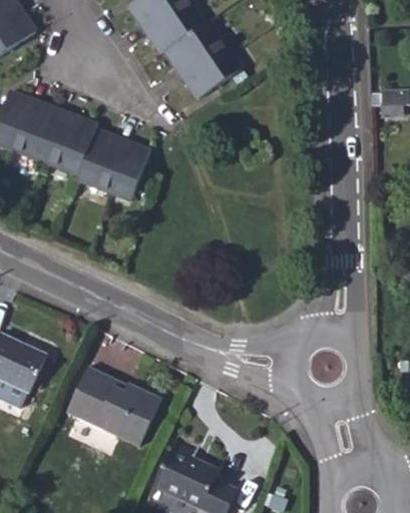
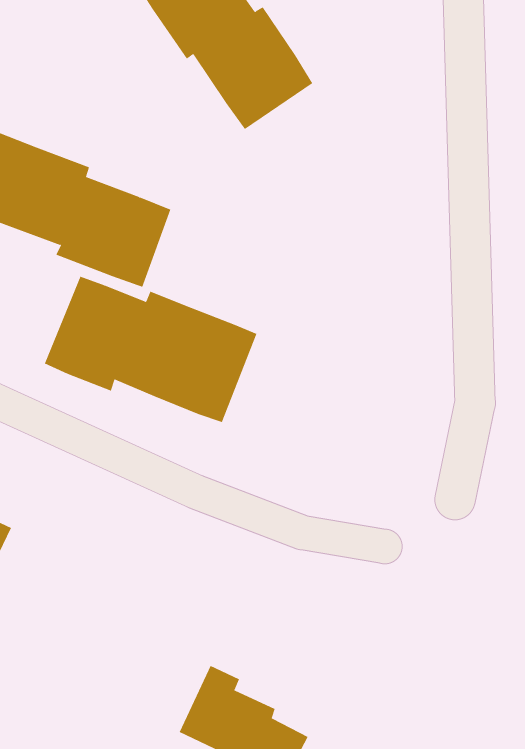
building: none -> [44,276,257,423]
building: [66,368,160,447] -> none

